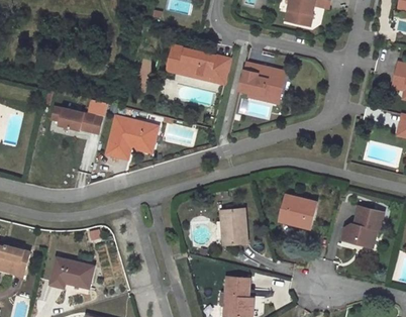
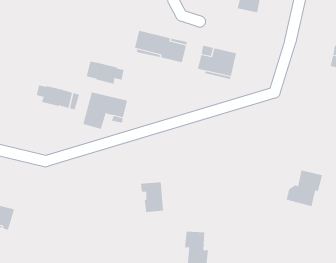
building: none -> [86,61,124,84]
building: [280,194,316,228] -> none
building: [219,208,246,243] -> [140,182,164,212]
building: [49,257,92,287] -> none

